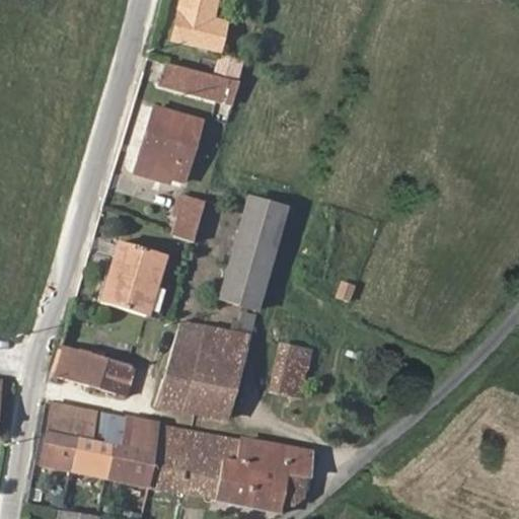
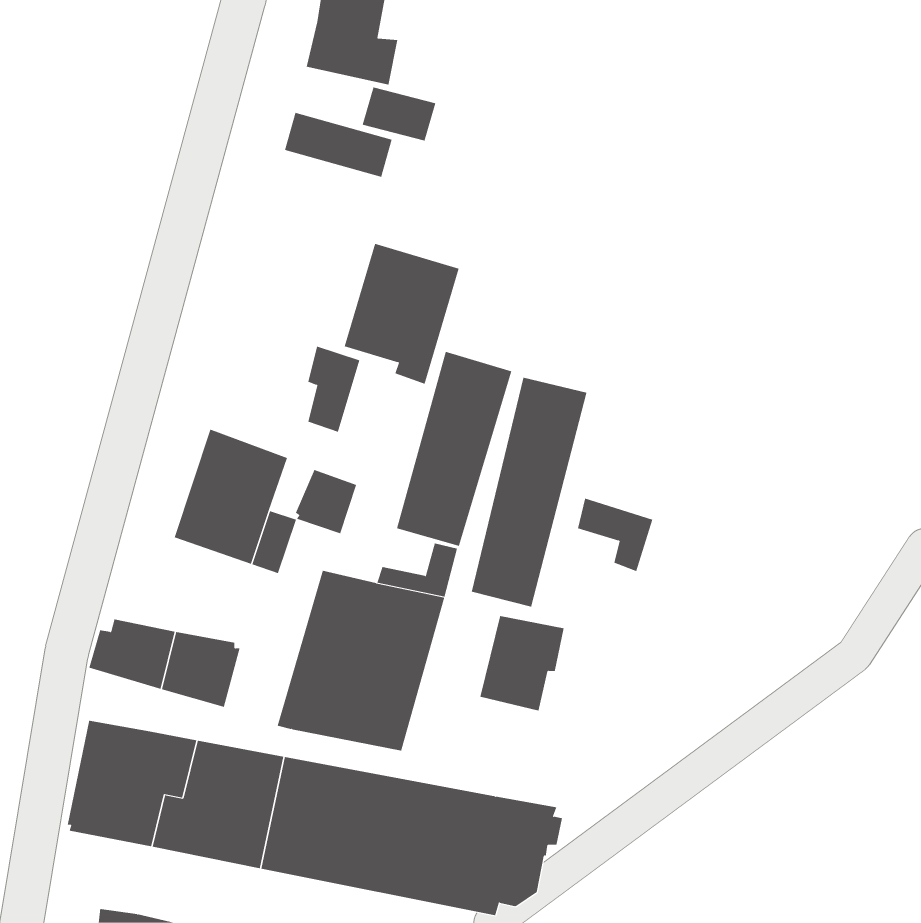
building: [138,104,203,183] -> [344,243,460,384]
building: none -> [471,377,587,608]
building: none -> [295,469,357,534]

